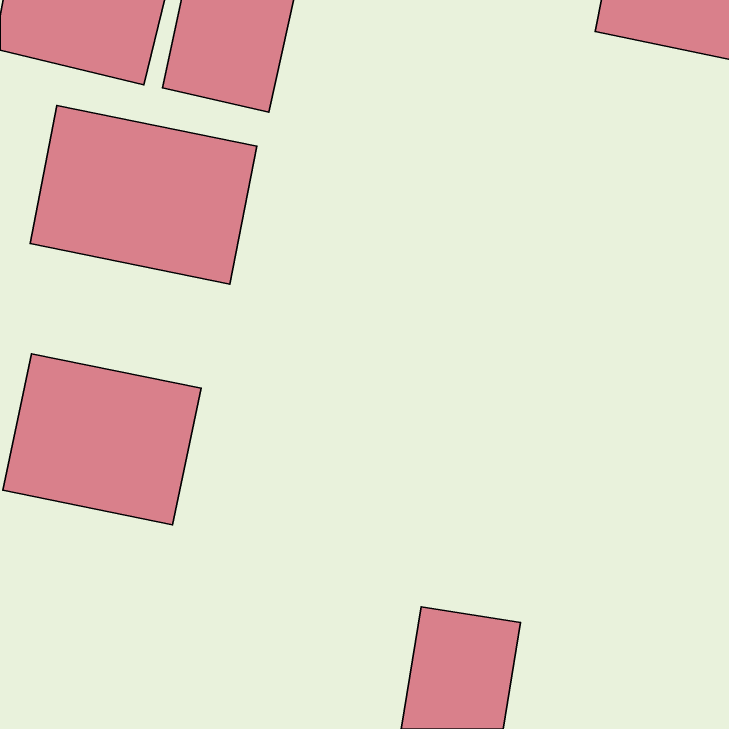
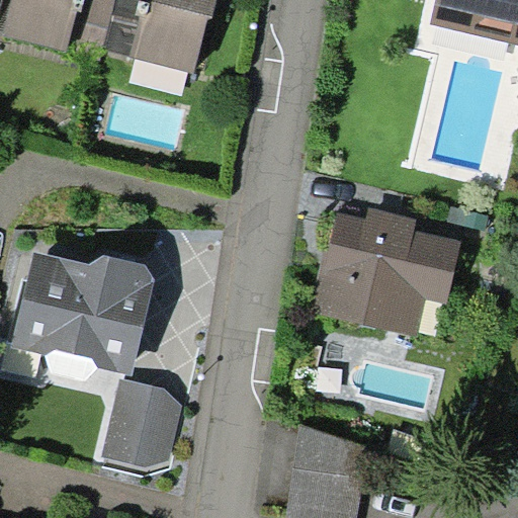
building: [30,106,257,284] -> none
building: none -> [315,205,460,342]
building: none -> [107,381,190,466]

